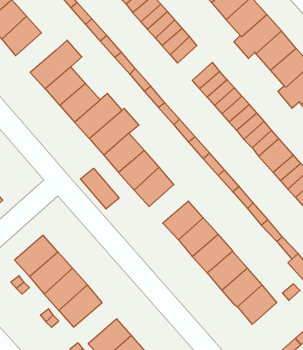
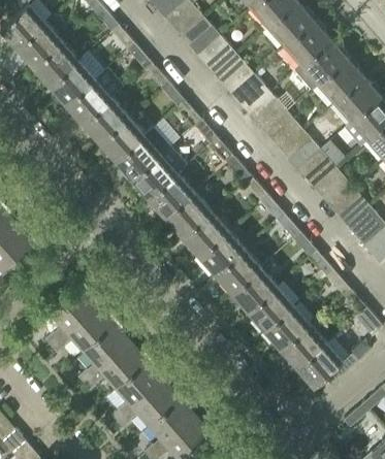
building: none -> [50,61,95,105]
building: none -> [231,75,270,114]
building: [80,168,119,209] -> none
building: none -> [199,231,244,274]
building: none -> [115,363,163,409]

